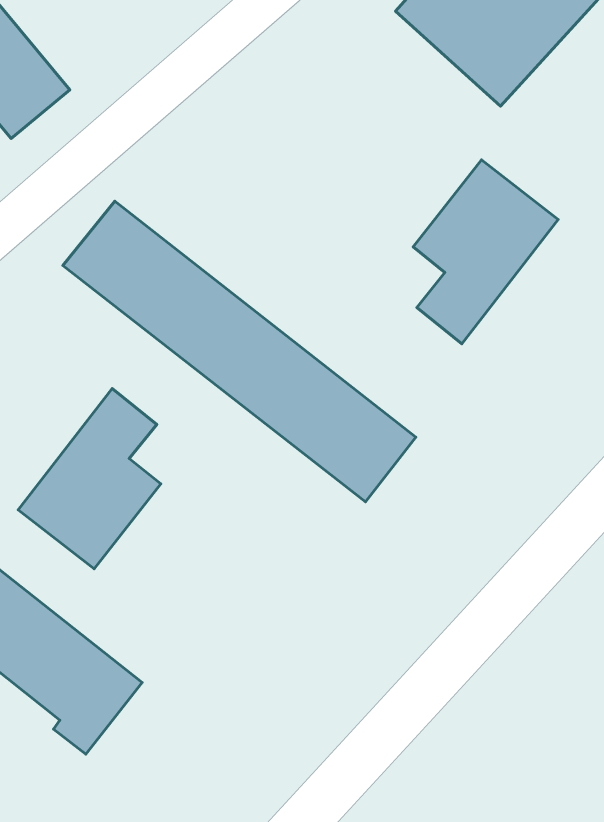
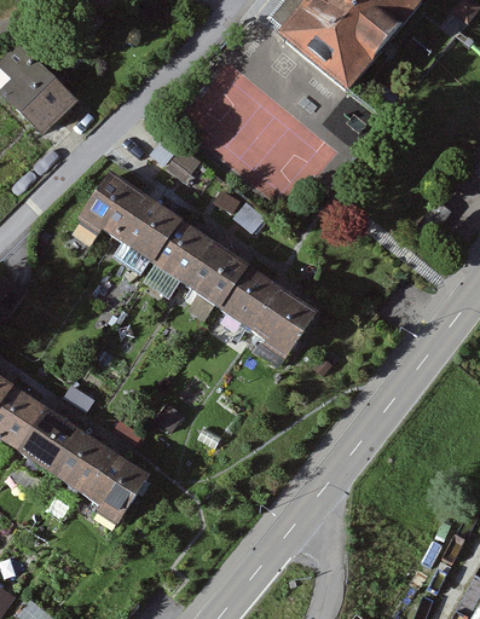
building: [413,160,558,344] -> none
building: [18,389,161,569] -> none

